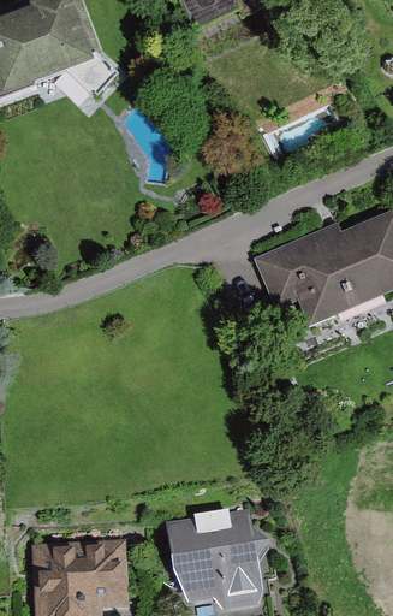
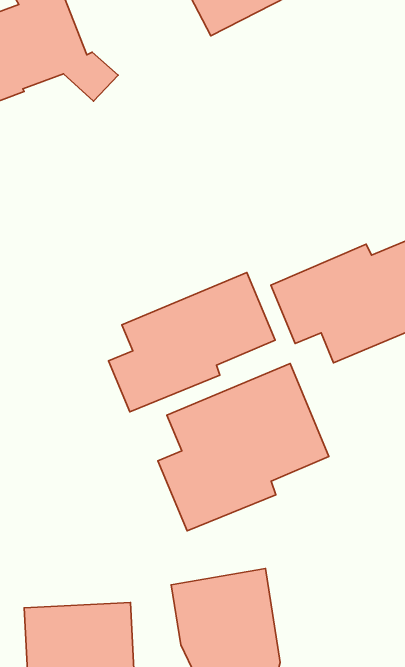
building: none -> [109,272,275,412]
building: none -> [158,364,329,531]

